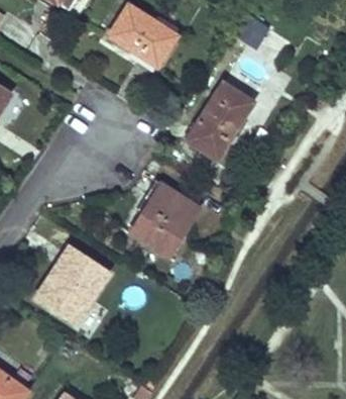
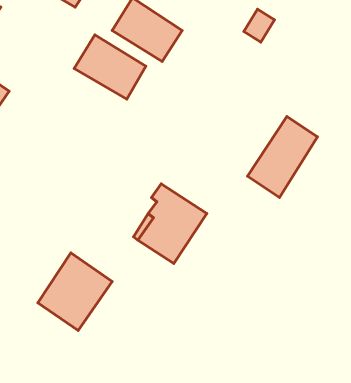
building: none -> [74,35,146,99]
building: [187,82,253,159] -> [248,117,318,197]

